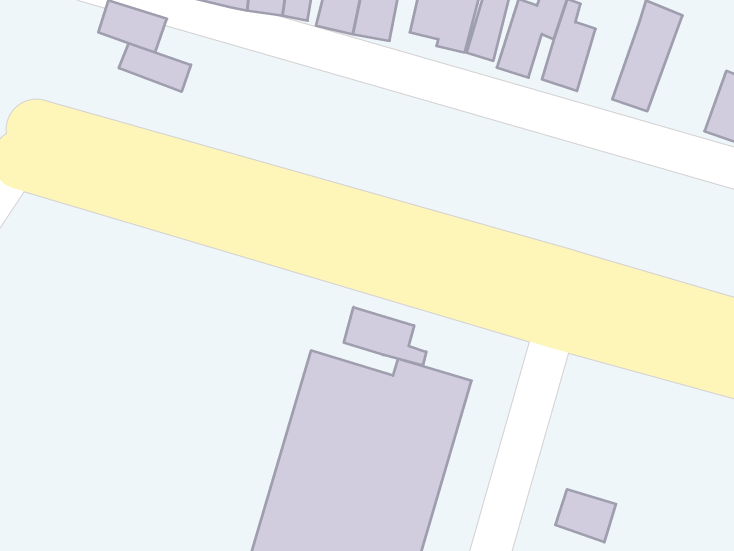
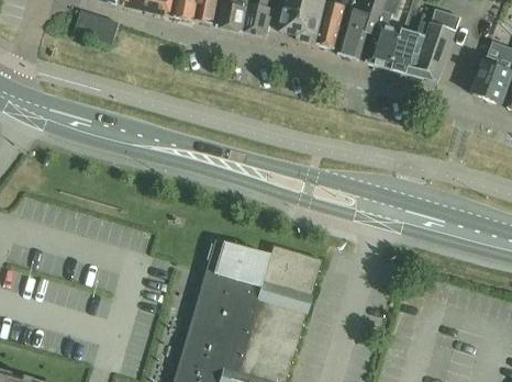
building: none -> [388,22,428,76]
building: [119,43,191,92] -> none
building: [344,307,426,366] -> none
building: [555,489,616,542] -> none

